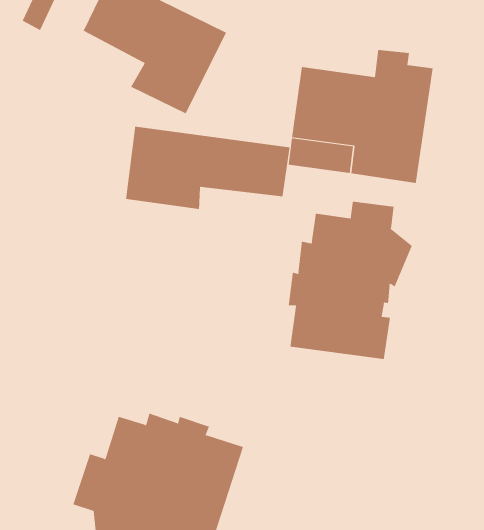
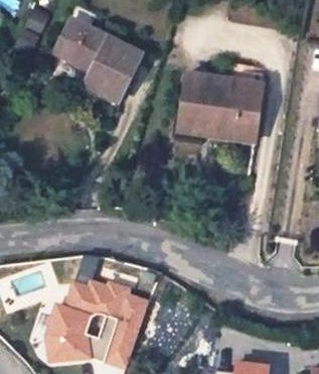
building: [126,126,290,210] -> none
building: [288,201,413,360] -> none

